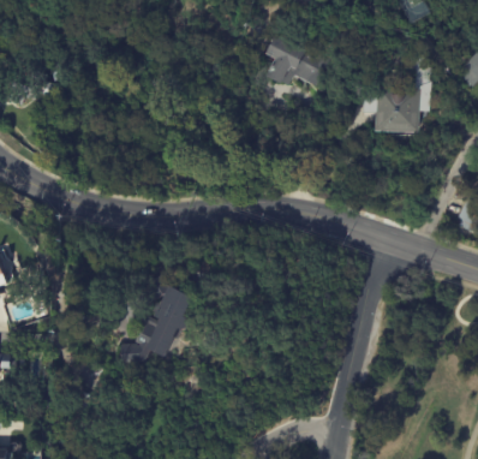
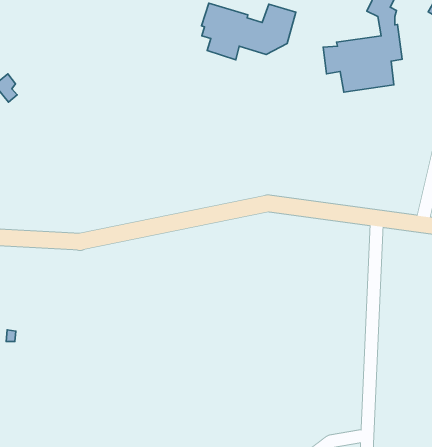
building: [118,275,191,364] -> none

